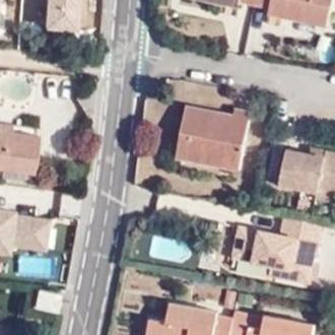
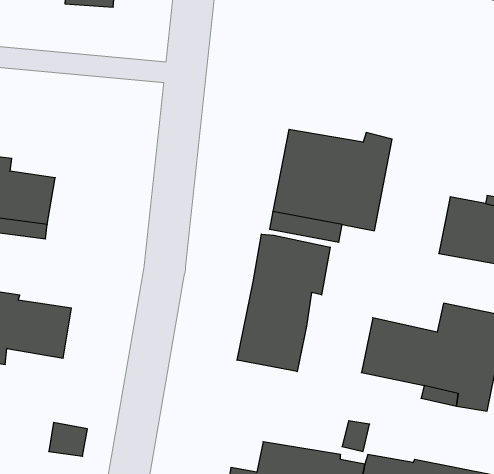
building: none -> [237,234,330,372]

